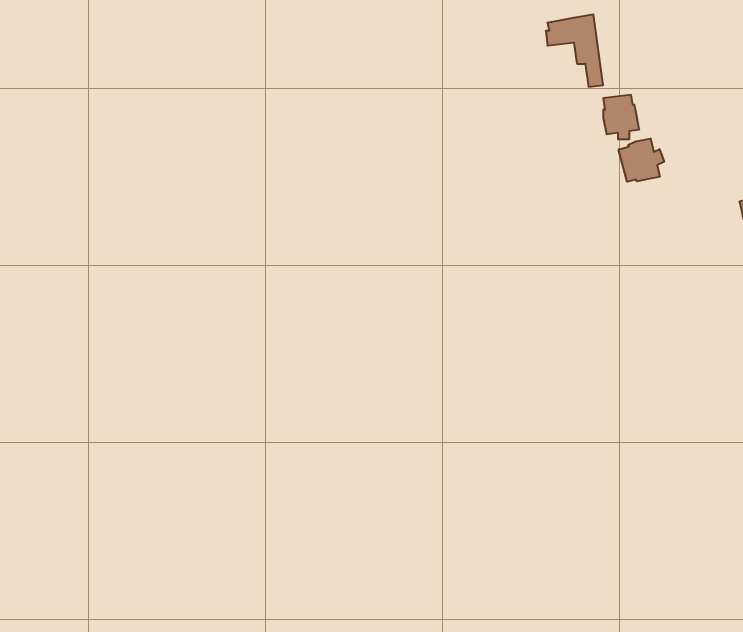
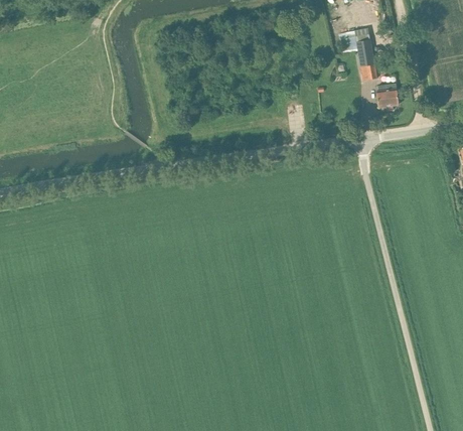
building: [619,138,664,182] -> none

